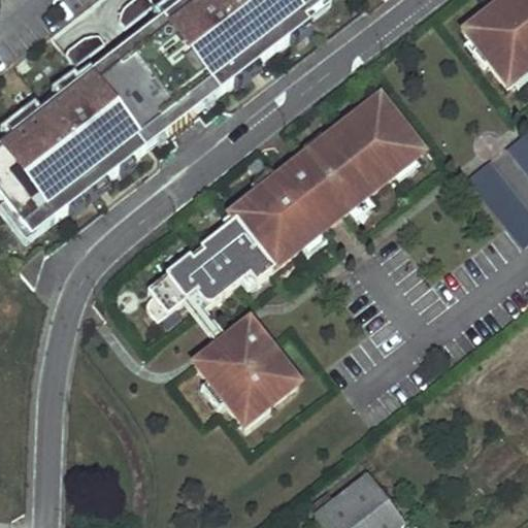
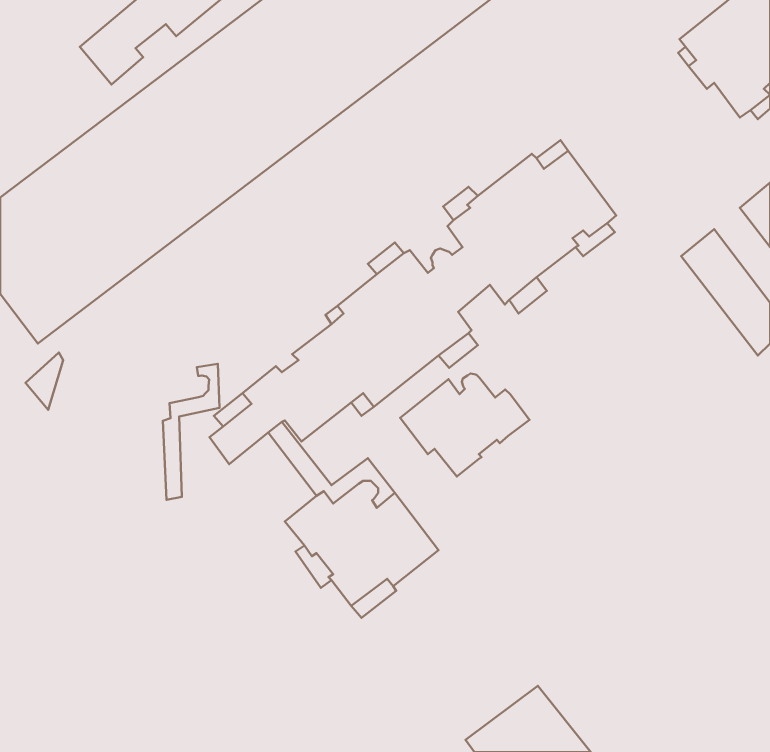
building: none -> [163,364,219,500]
building: none -> [400,374,529,476]

